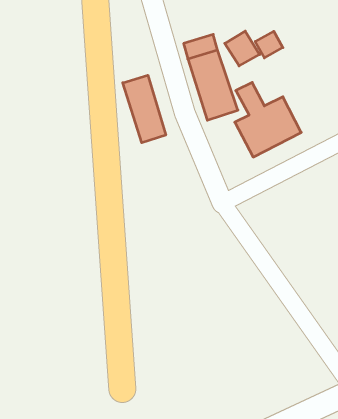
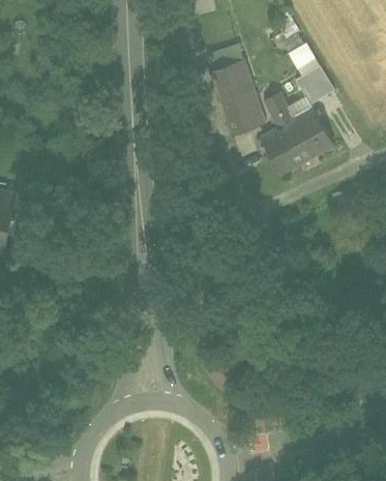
building: [225,31,260,66] -> [297,67,332,102]
building: [123,75,166,143] -> none

